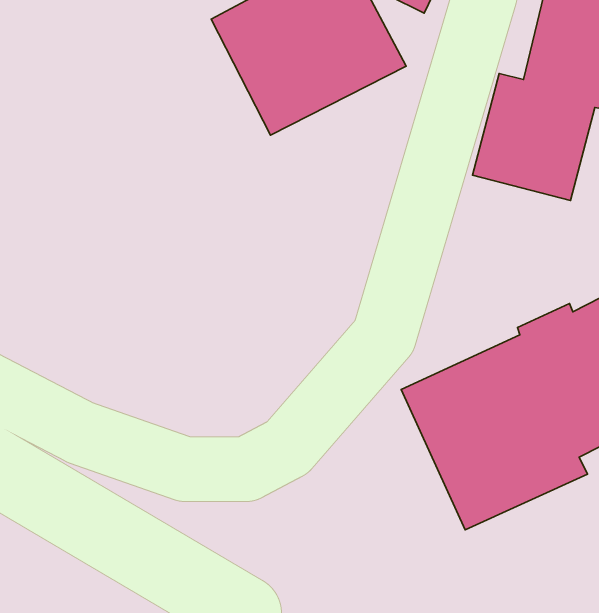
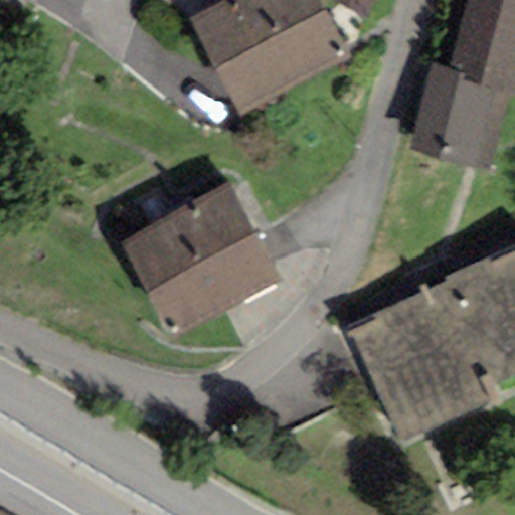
building: none -> [120,182,279,335]

